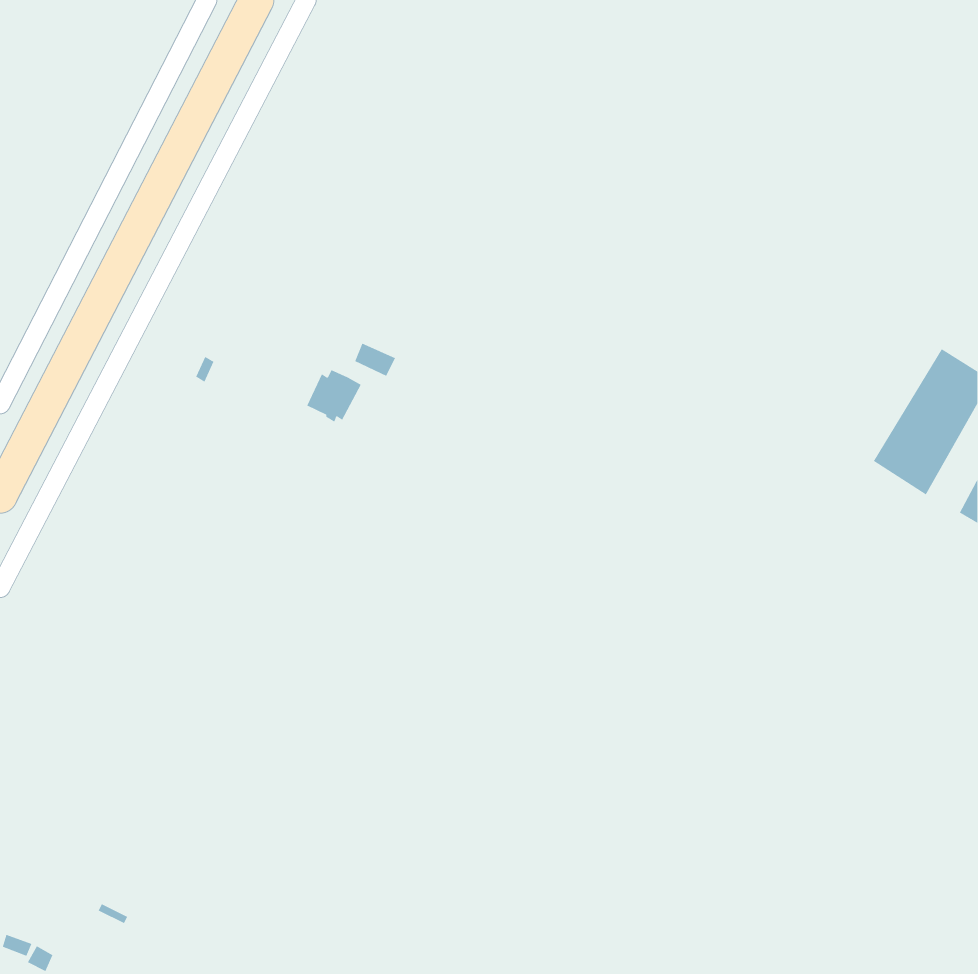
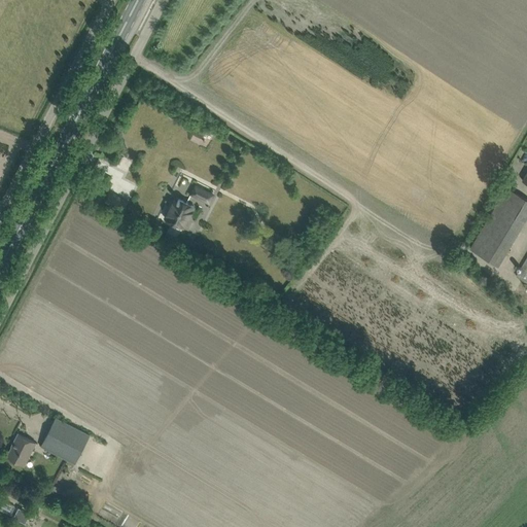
building: none -> [41,419,90,465]
building: none -> [7,435,36,467]

